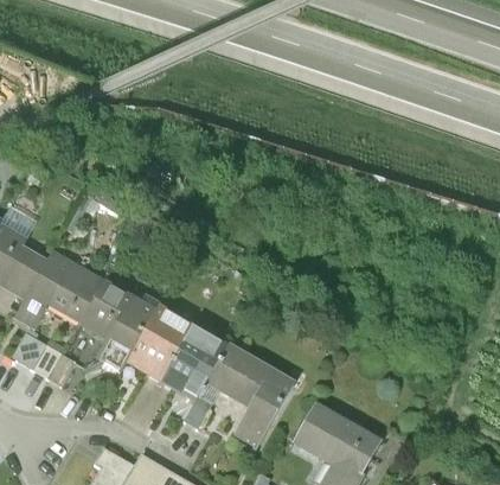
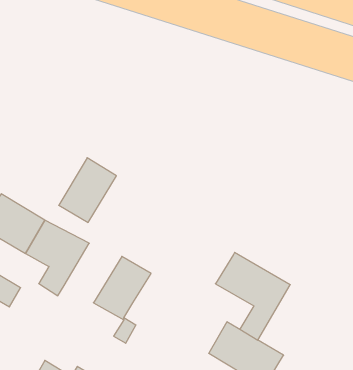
building: [124,305,192,381] -> [59,158,116,222]
building: [205,344,293,447] -> [215,252,290,340]

